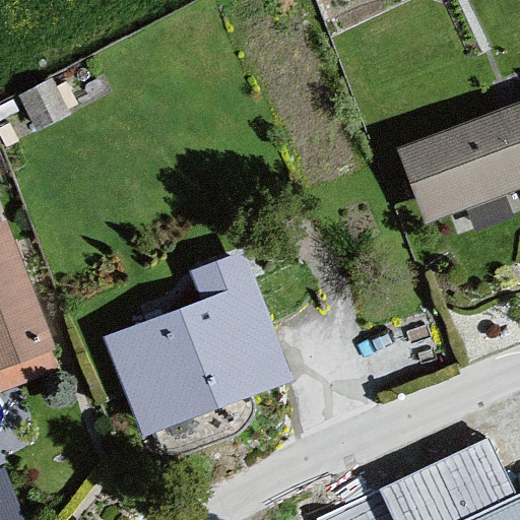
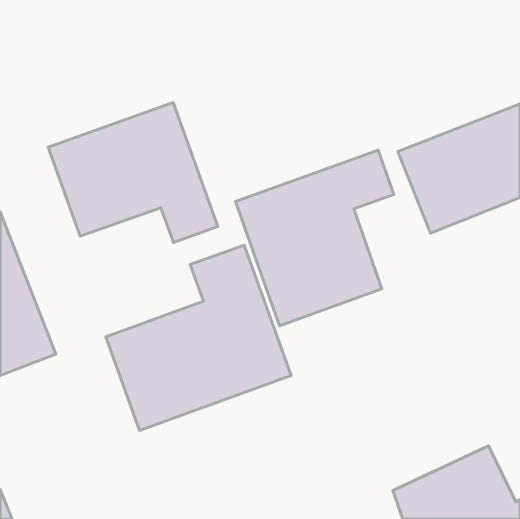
building: none -> [48,103,218,243]
building: none -> [235,150,394,326]

